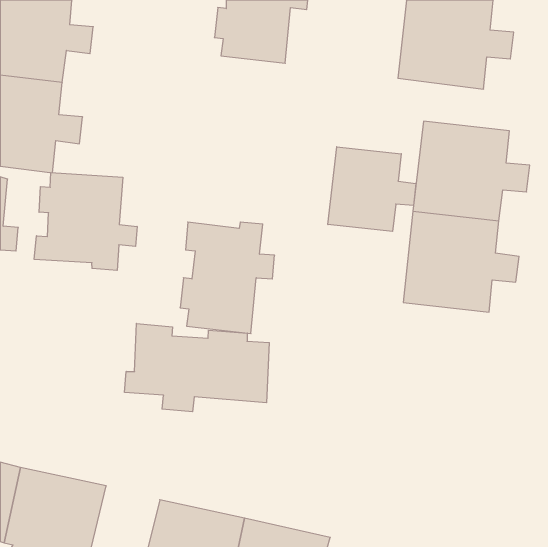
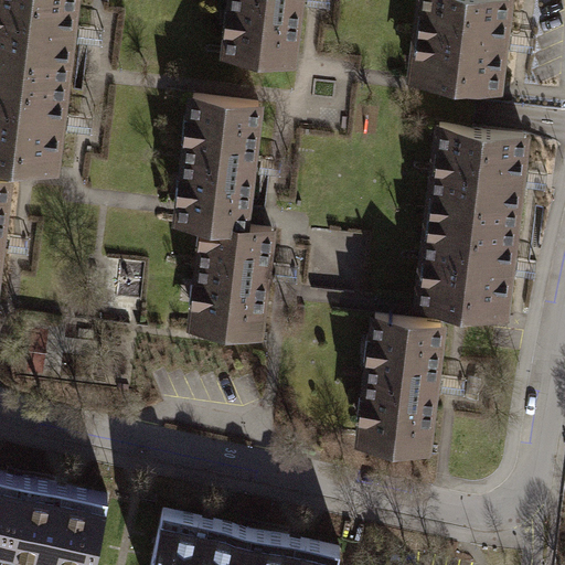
building: none -> [174,98,271,236]
building: [328,147,416,231] -> none
building: [34,173,137,270] -> none
building: none -> [352,319,450,457]
building: [125,323,269,412] -> none

